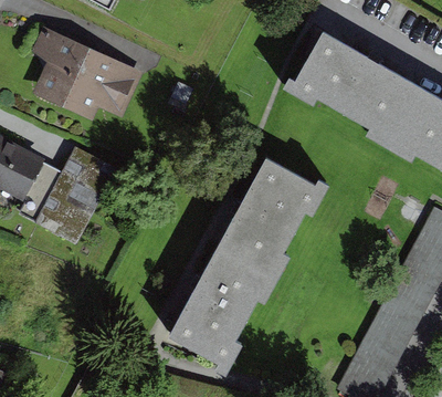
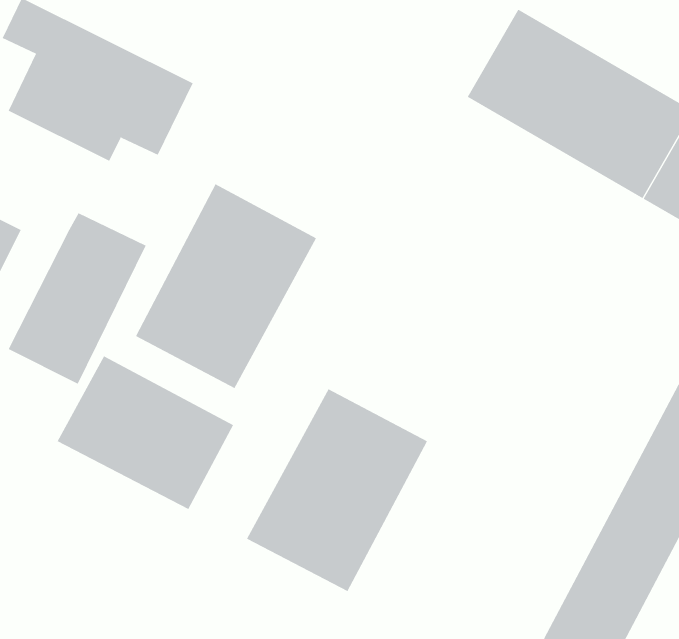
building: [215,161,318,278] -> [135,183,317,389]
building: none -> [57,355,234,510]

